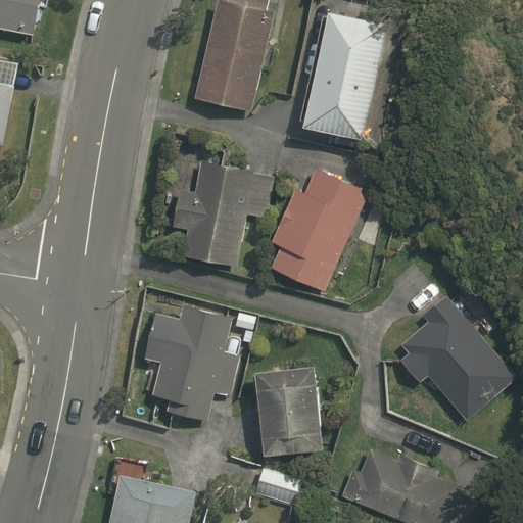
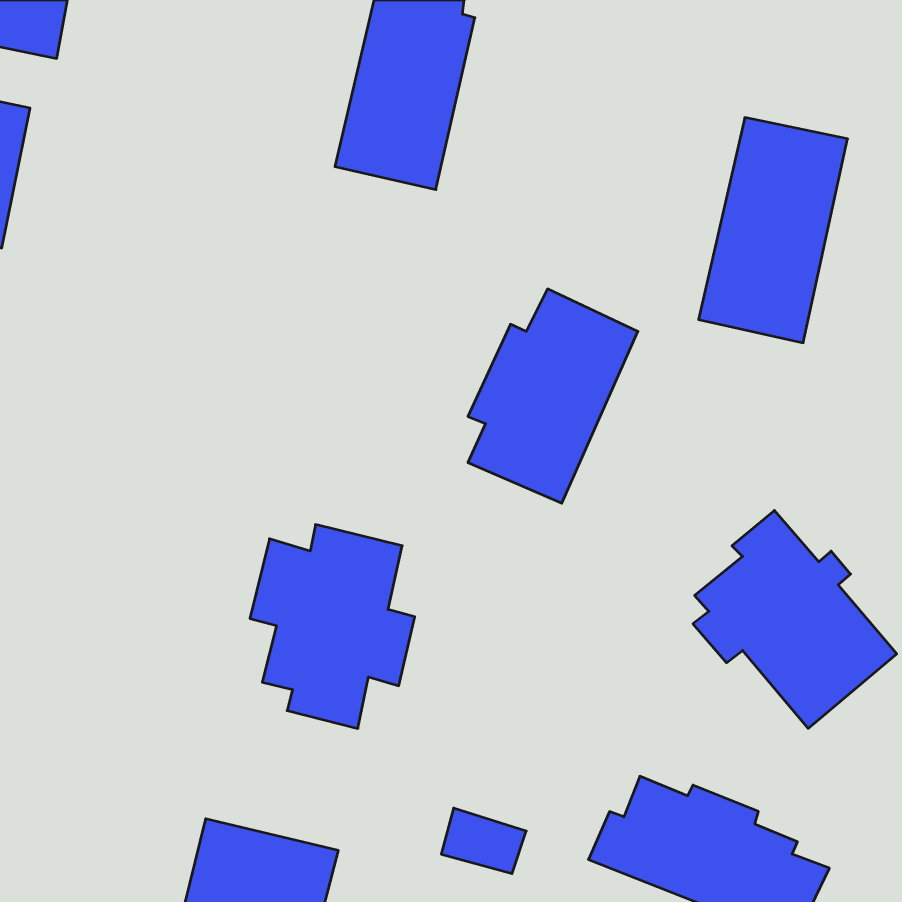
building: [300,10,386,140] -> [699,118,848,343]
building: [172,162,275,267] -> none
building: [252,365,323,456] -> none

